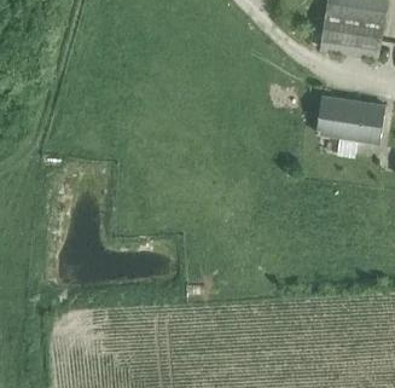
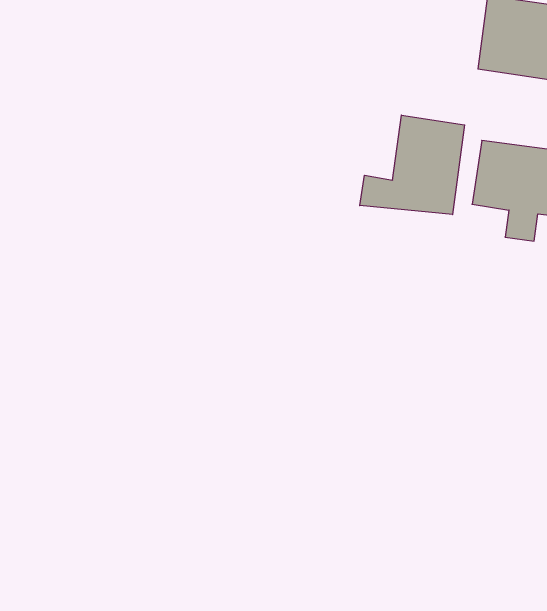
building: none -> [360,115,465,215]

